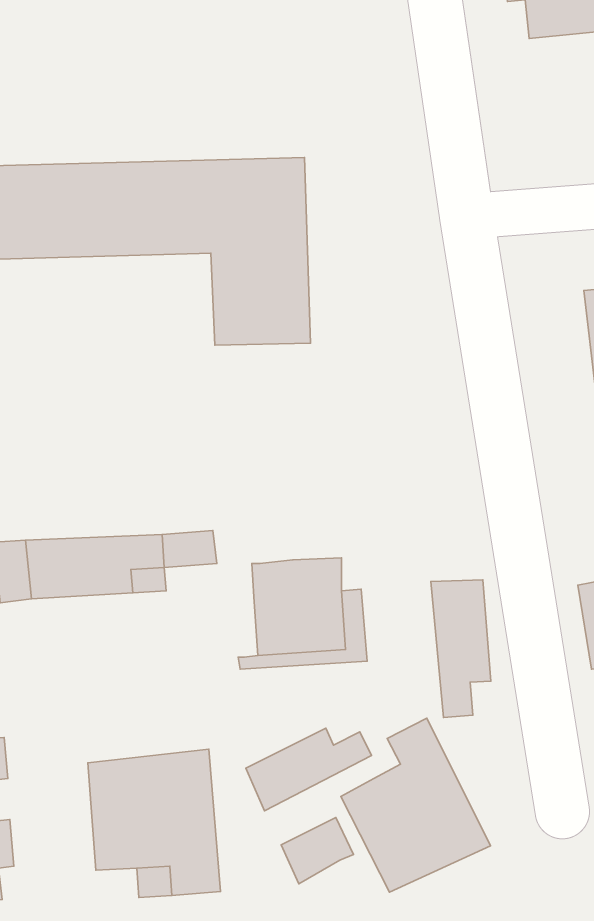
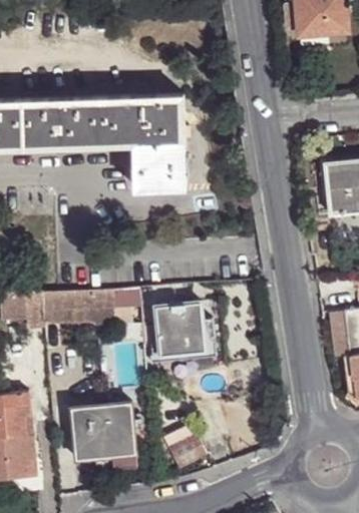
building: [431,580,491,718] -> none
building: [341,718,491,892] -> none
building: [246,728,371,811] -> none

